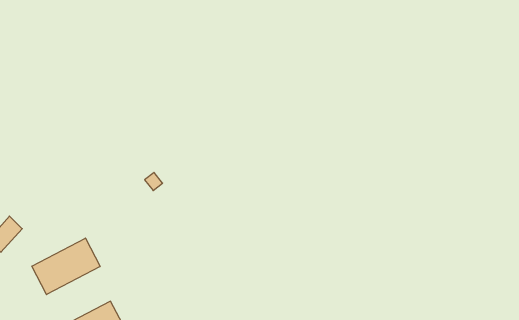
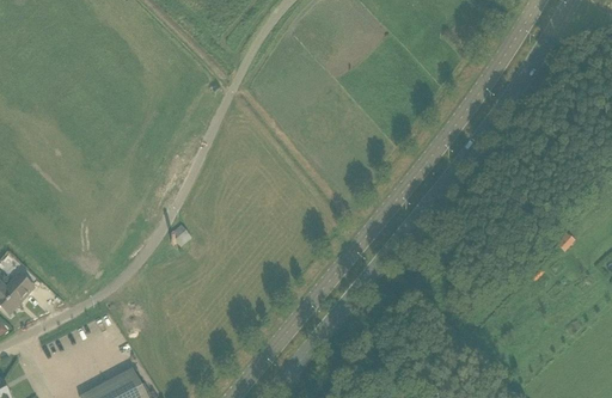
building: [32,238,100,295] -> none

